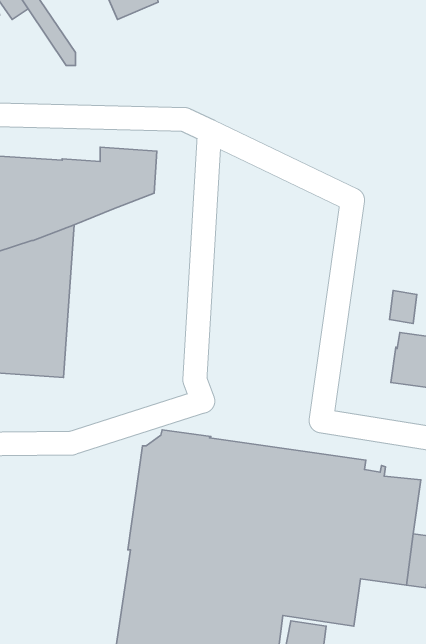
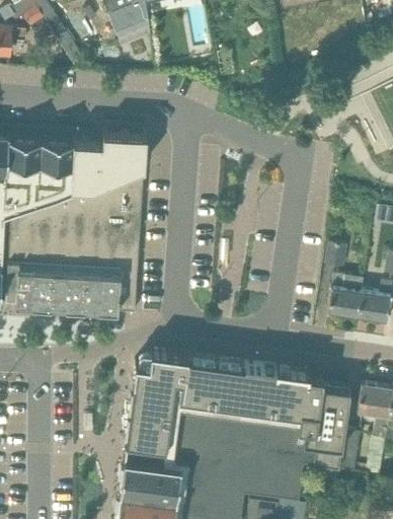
building: none -> [76,168,146,313]

